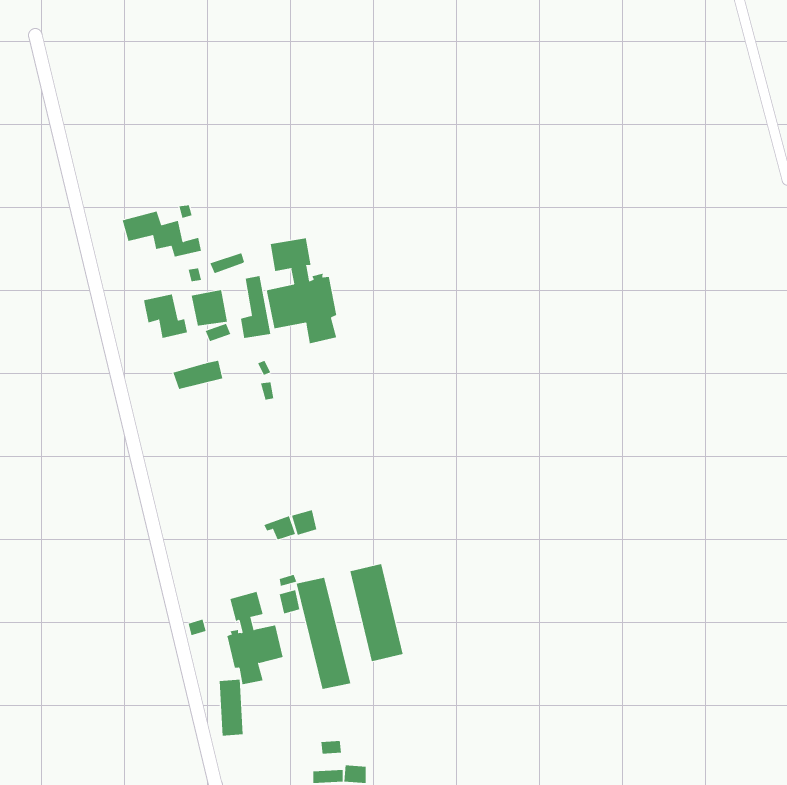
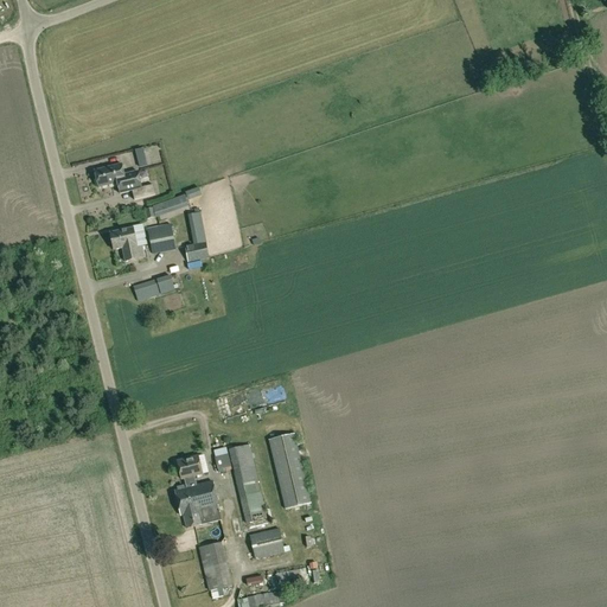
building: [266,237,337,344] -> none
building: [219,679,243,736] -> [205,538,224,582]
building: none -> [249,528,286,560]

